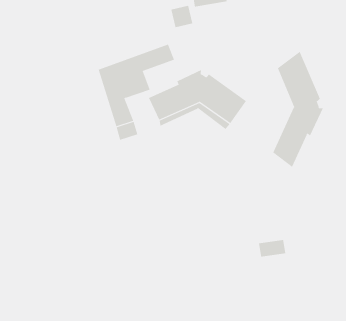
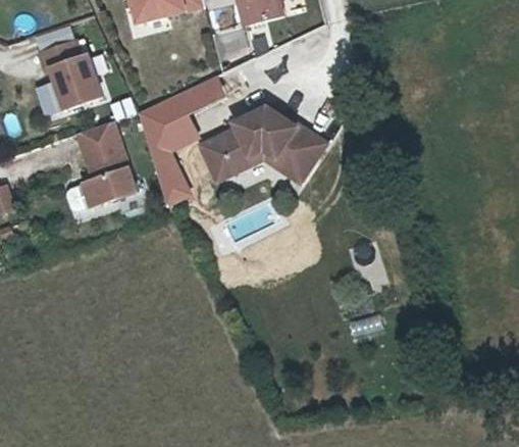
building: none -> [38,42,99,110]
building: [273,51,324,168] -> none
building: none -> [74,122,133,207]

